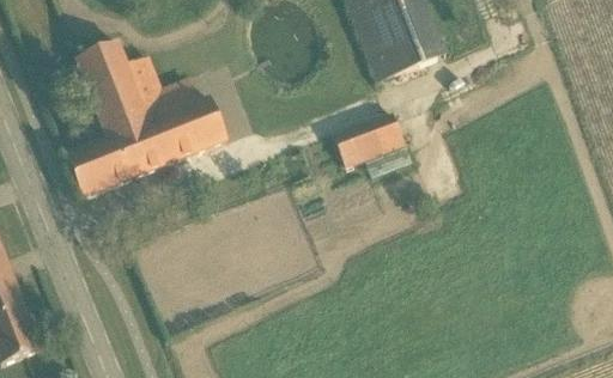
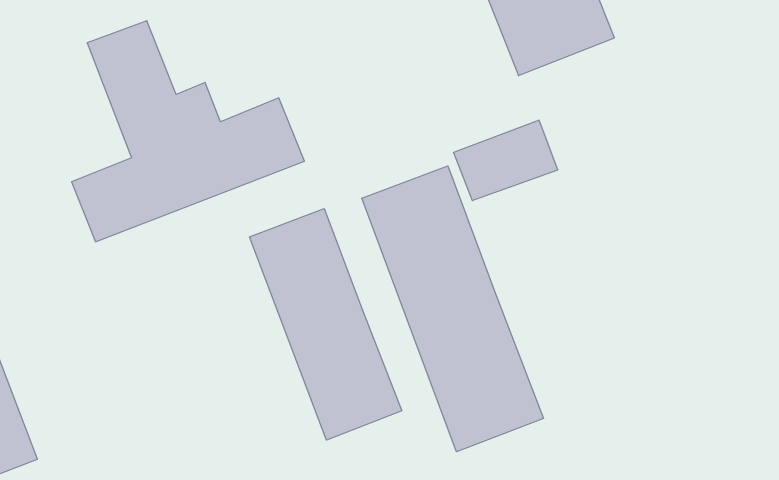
building: none -> [362,166,544,452]
building: none -> [250,209,402,440]

